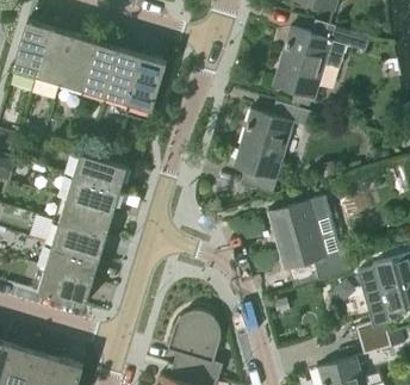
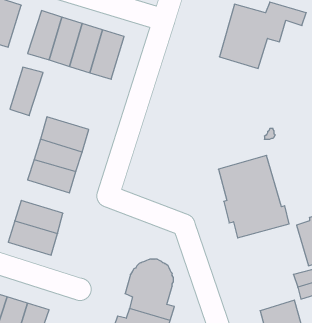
building: [36,30,73,83] -> [10,67,43,116]
building: [231,107,315,195] -> none
building: [50,224,104,261] -> none

